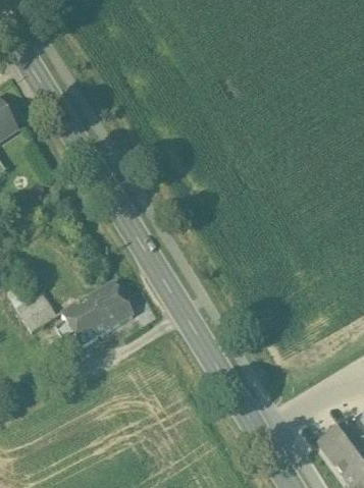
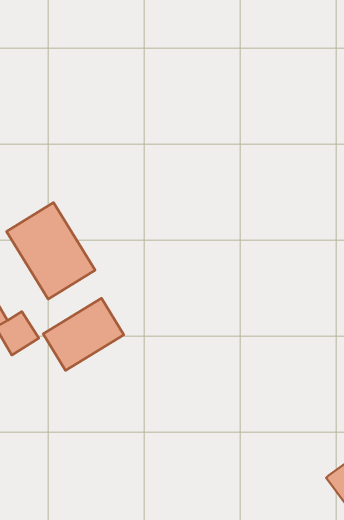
building: none -> [7,203,95,299]

